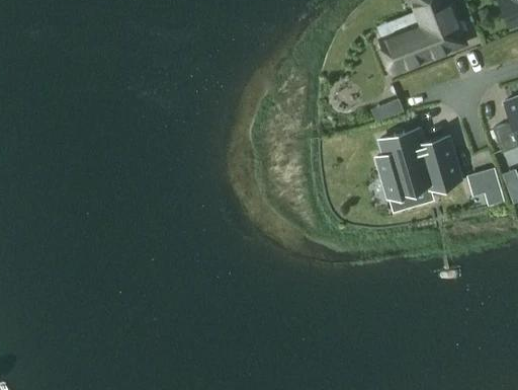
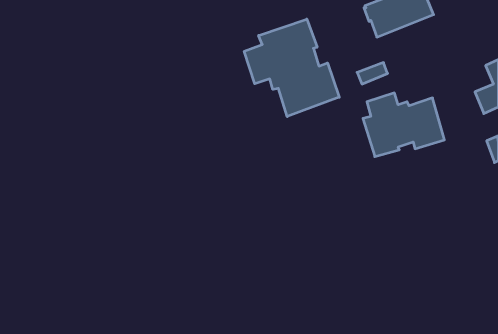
building: none -> [244,19,339,117]
building: [467,168,501,197] -> none

